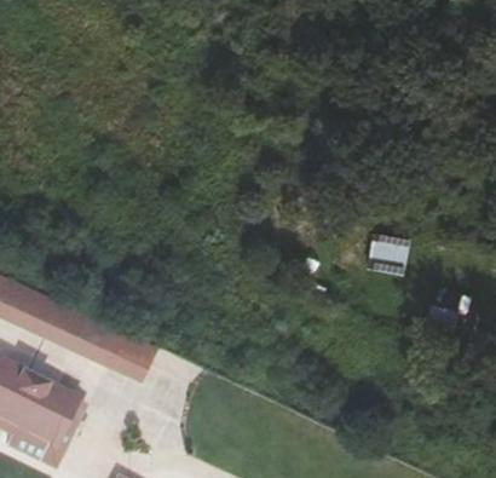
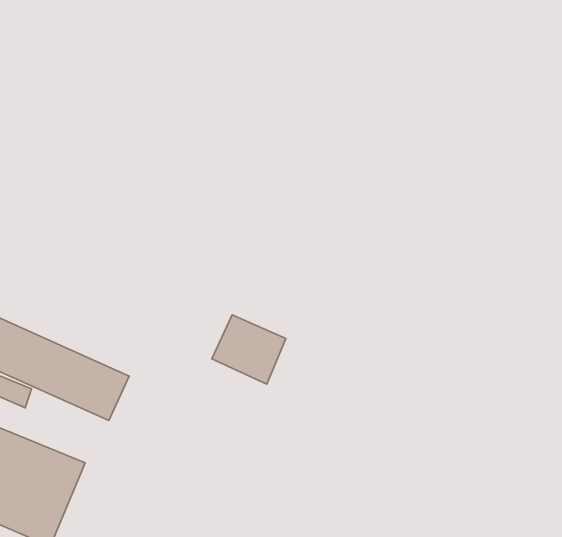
building: [100,328,157,381] -> [212,315,286,384]

